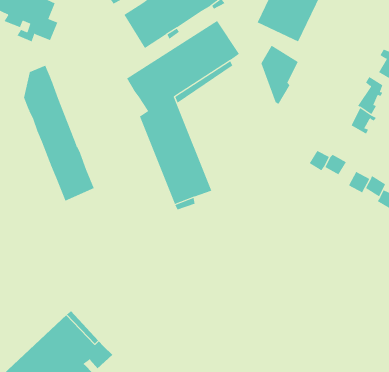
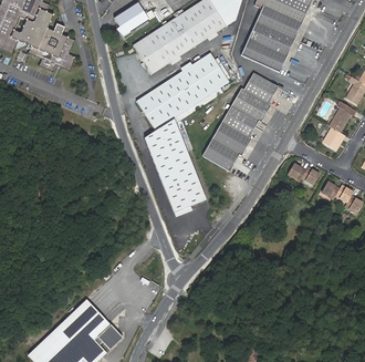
building: none -> [205,87,259,170]
building: [24,65,94,201] -> none

